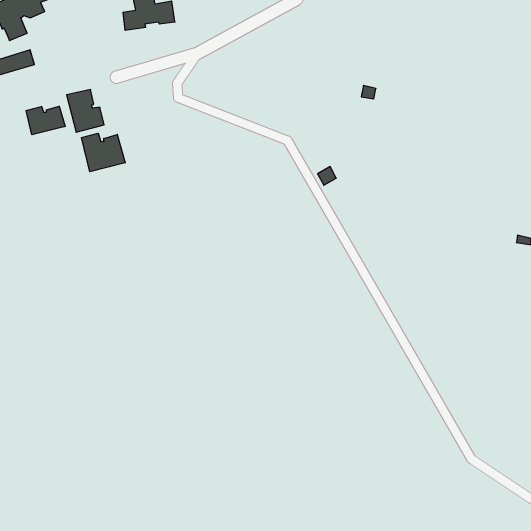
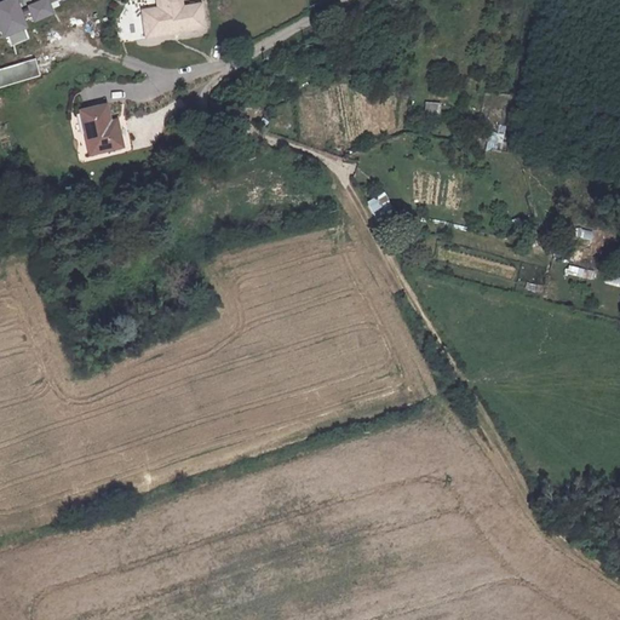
building: [26,106,65,135] -> none
building: [82,133,125,172] -> none

